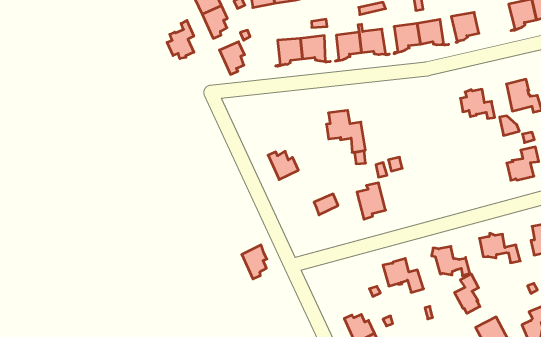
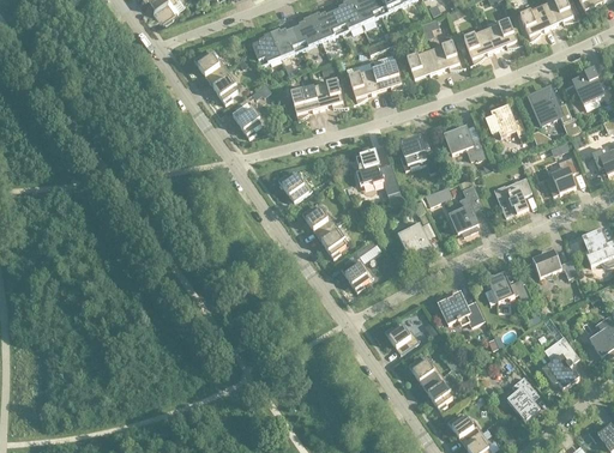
building: none -> [486,19,522,49]
building: [167,20,194,59] -> none
building: none -> [444,122,486,158]
building: none -> [399,137,438,171]
building: none -> [277,170,312,200]
building: none -> [449,183,482,234]
building: none -> [494,175,531,215]
building: none -> [317,221,345,256]
building: [242,245,267,279] -> [341,254,368,290]
building: [455,274,480,313] -> none
building: none -> [384,322,419,352]

